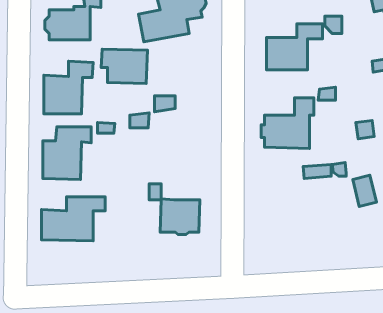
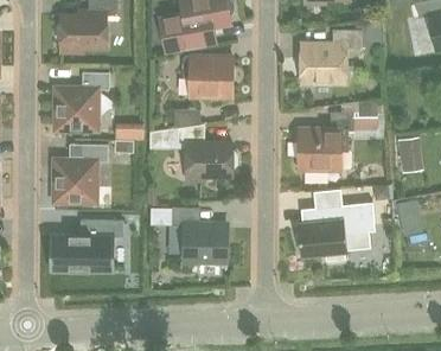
building: [101,49,147,84] -> [181,58,232,96]
building: none -> [186,143,236,180]
building: none -> [296,203,373,261]

